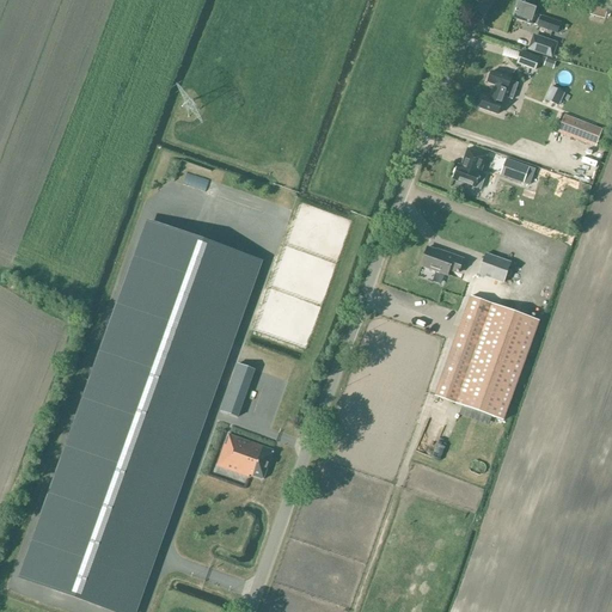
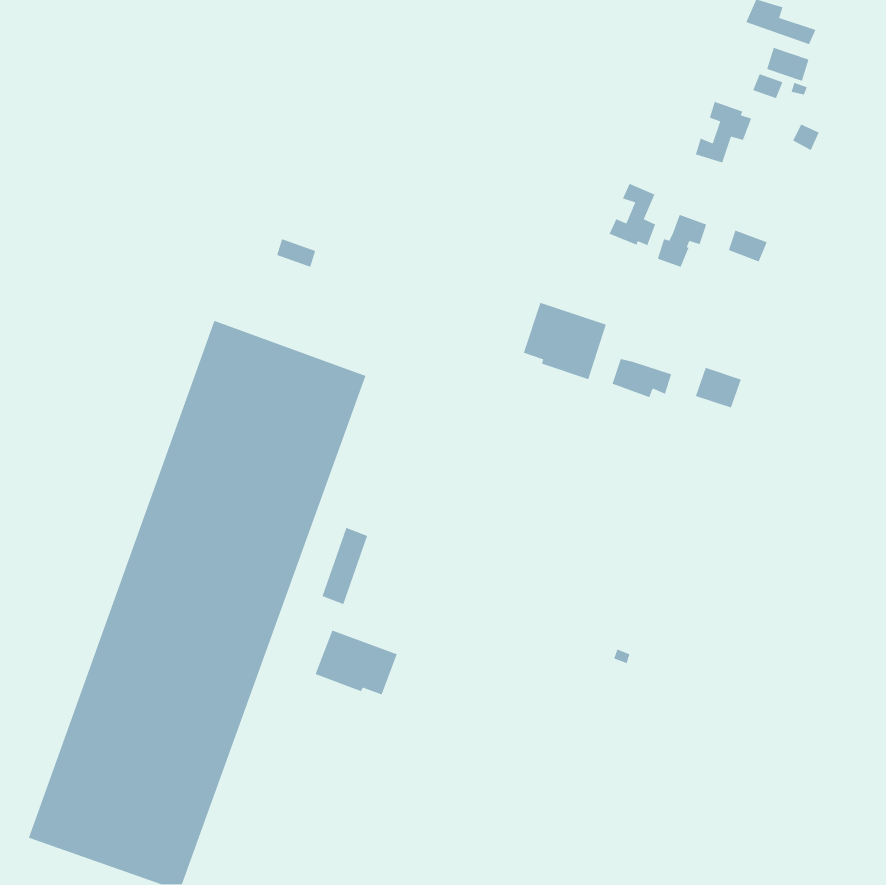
building: [563,120,602,143] -> none
building: none -> [609,183,656,246]
building: none -> [523,302,607,380]
building: [435,294,540,420] -> none

